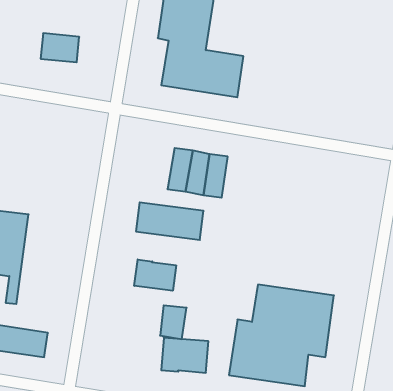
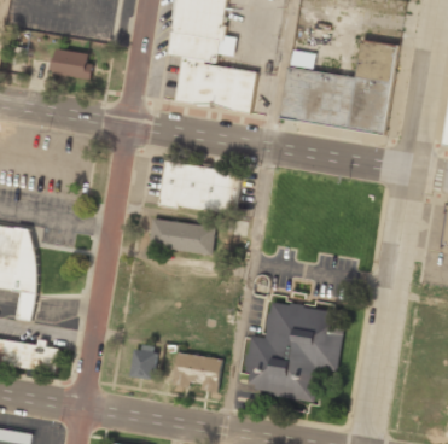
building: none -> [278,41,398,135]
building: none -> [159,160,186,209]
building: [134,259,176,291] -> none
building: [160,305,187,339] -> [129,346,156,380]

